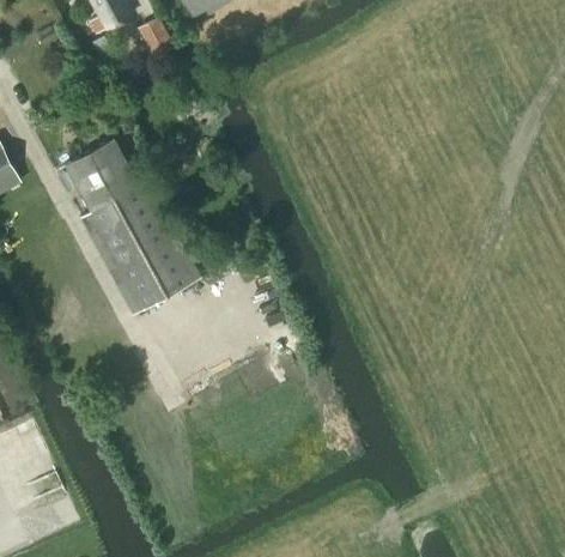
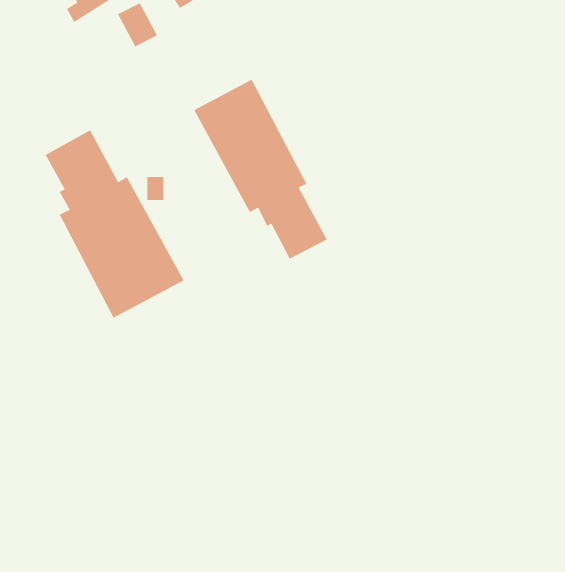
building: none -> [194,79,327,259]

